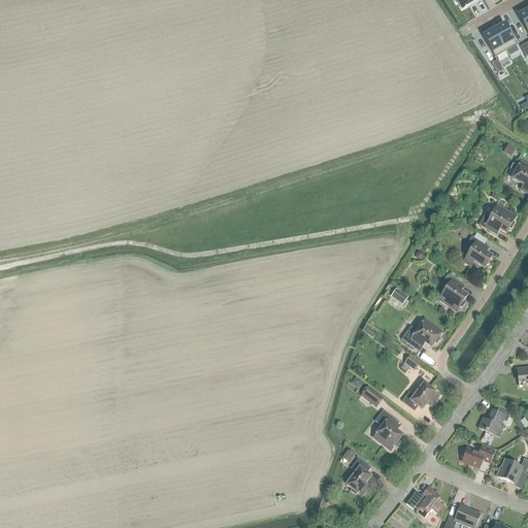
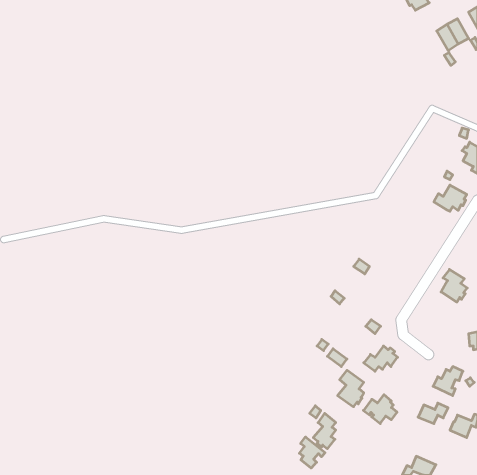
building: [464,235,492,267] -> none
building: [439,273,468,309] -> [441,269,467,302]
building: [402,318,442,348] -> none
building: none -> [299,437,325,468]
building: [406,485,443,517] -> [363,395,397,424]

